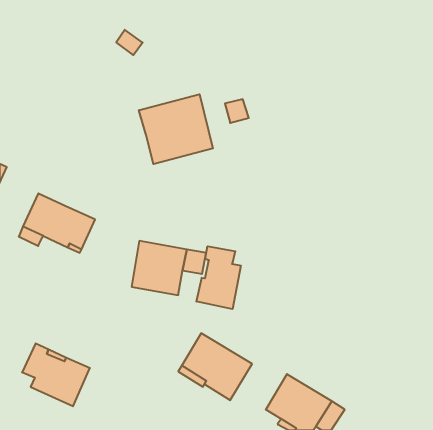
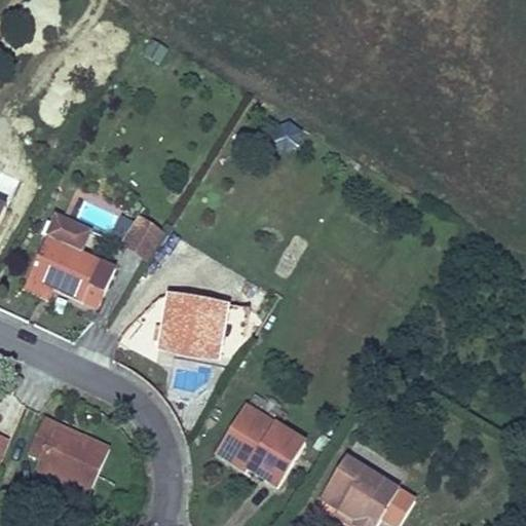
building: [139,94,213,164] -> none
building: none -> [46,214,89,250]
building: none -> [121,214,165,258]
building: [196,246,241,309] -> none

